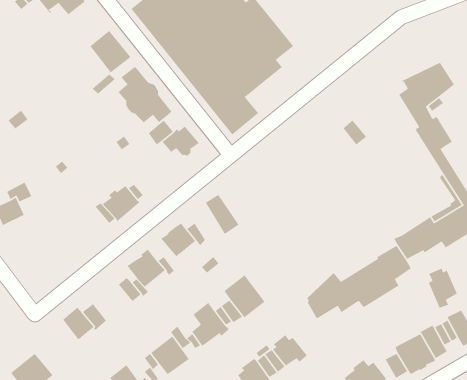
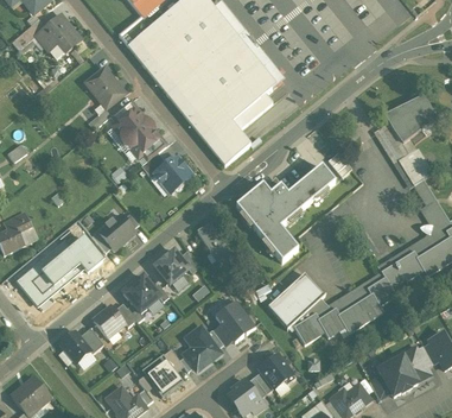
building: none -> [235,165,336,261]
building: none -> [19,236,102,303]
building: none -> [268,272,324,327]
building: [428,268,458,309] -> none
building: none -> [93,304,125,336]

